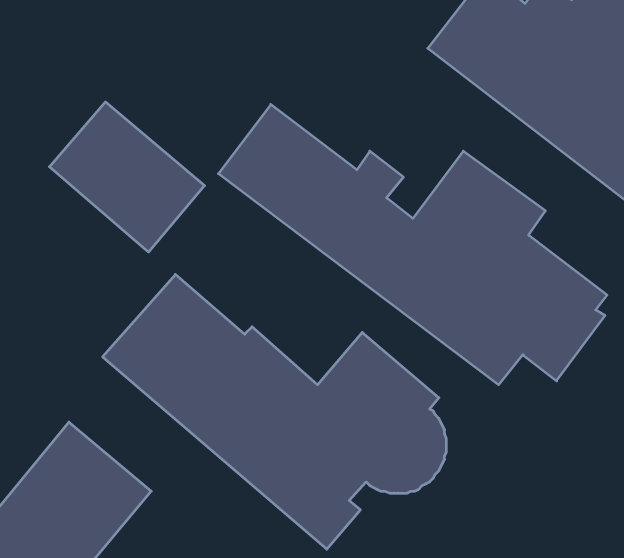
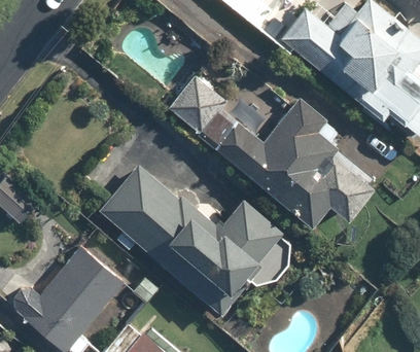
building: [49,102,205,252] -> none

